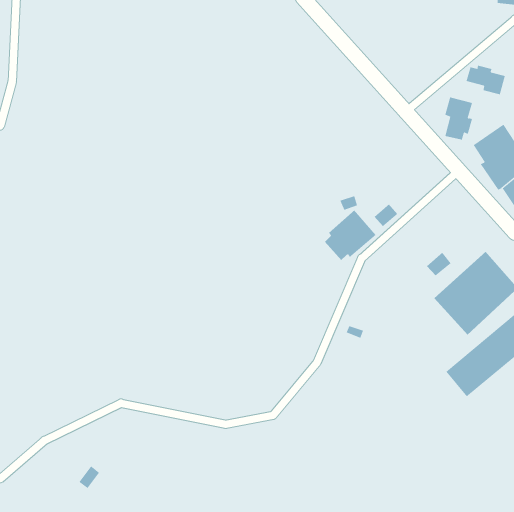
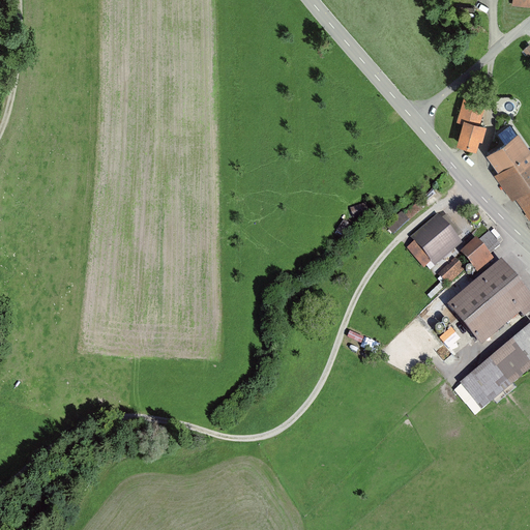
building: [466,65,505,95] -> none
building: [324,210,377,261] -> [408,213,462,266]
building: none -> [459,236,493,270]

